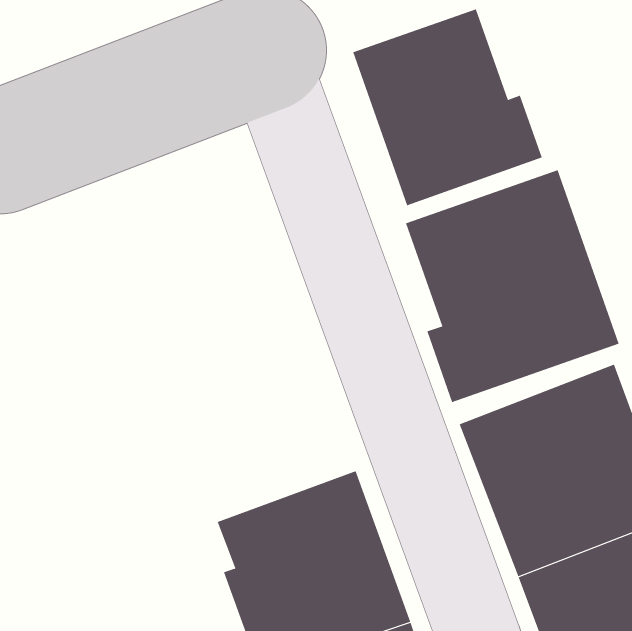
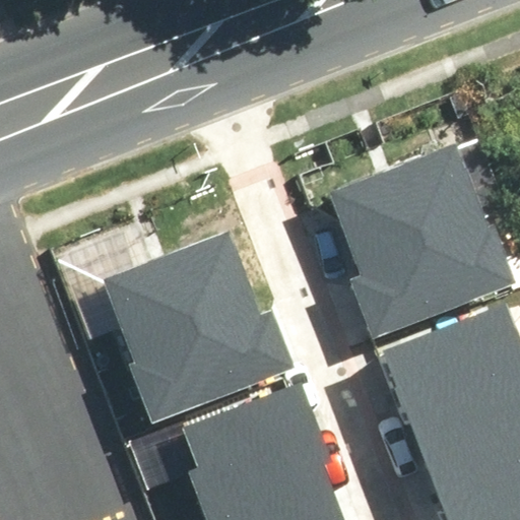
building: [353,8,543,206] -> none
building: none -> [106,232,292,416]

